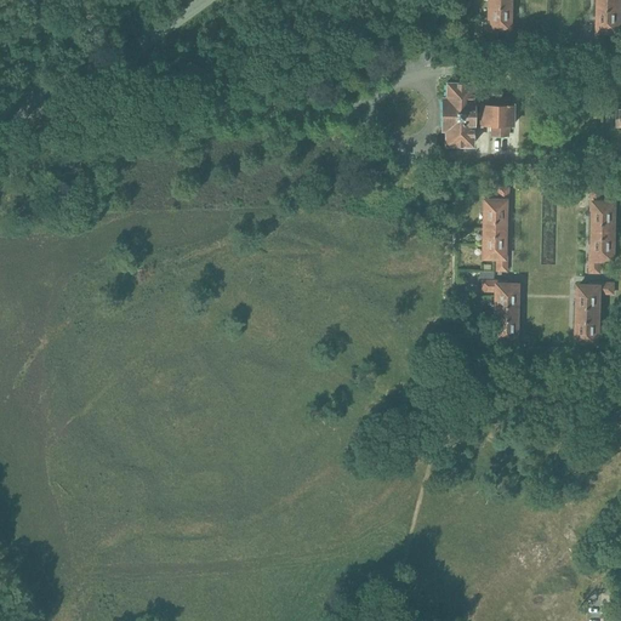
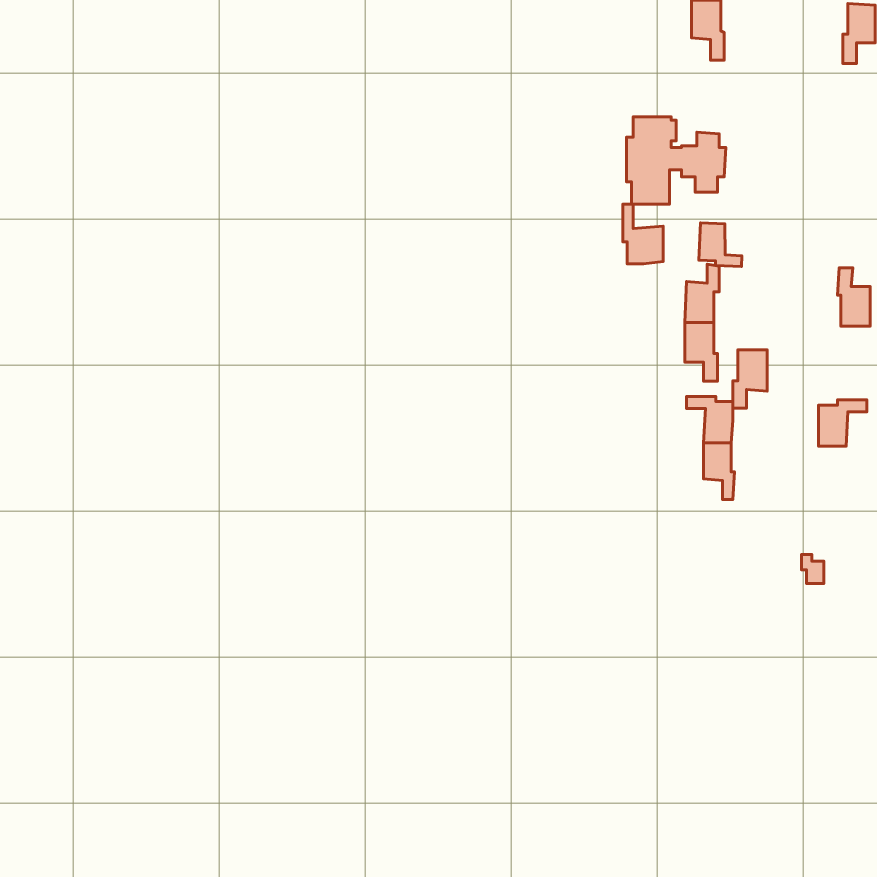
building: none -> [623,204,663,264]
building: none -> [699,223,742,267]
building: [591,230,615,272] -> [733,350,767,408]
building: [575,315,598,354] -> none

